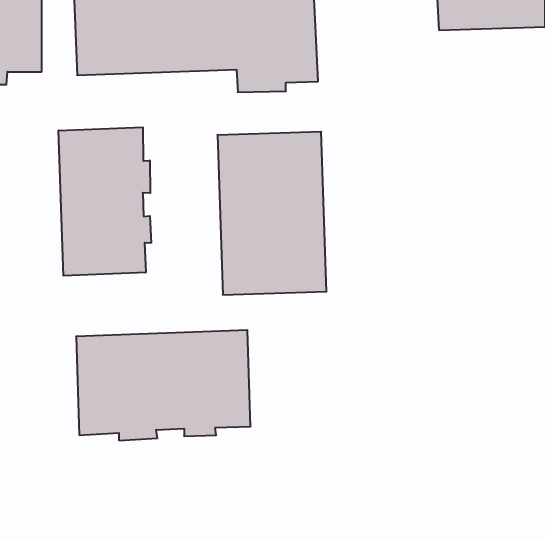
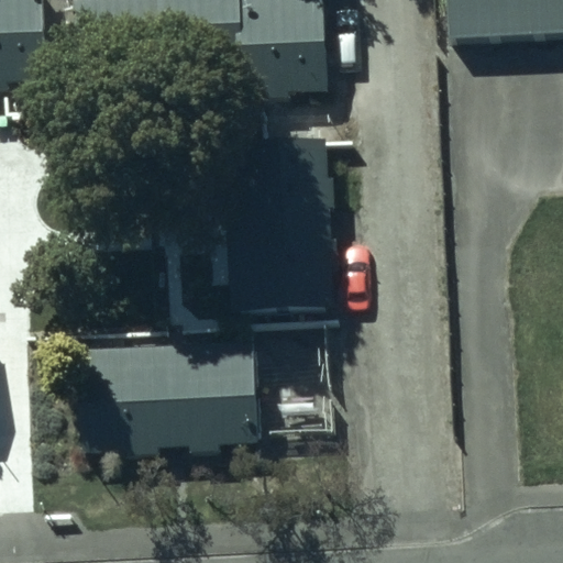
building: [59,127,151,276] -> none

